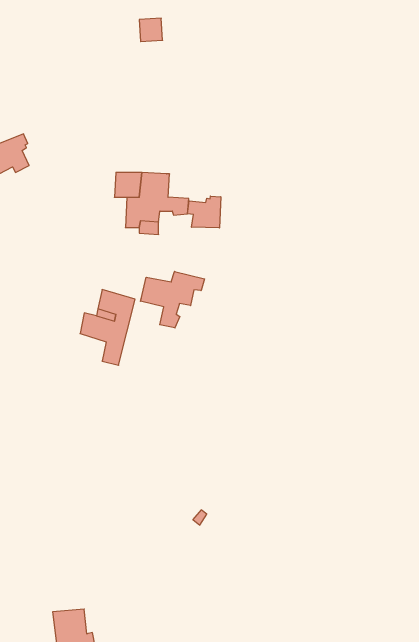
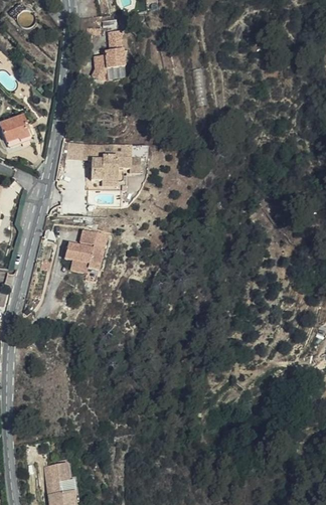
building: none -> [91,48,125,76]
building: [187,196,221,228] -> none
building: [140,271,205,328] -> none

